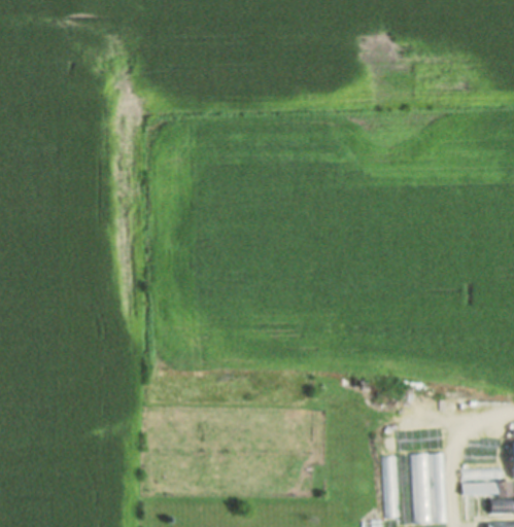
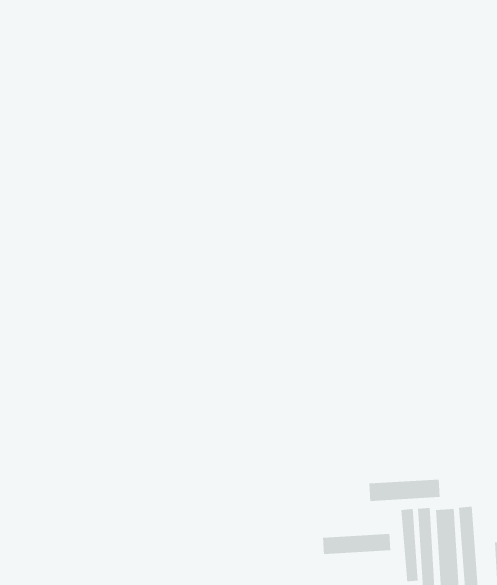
building: none -> [369,479,440,502]
building: none -> [322,533,391,555]

